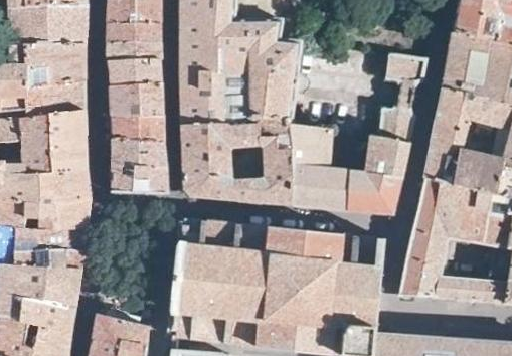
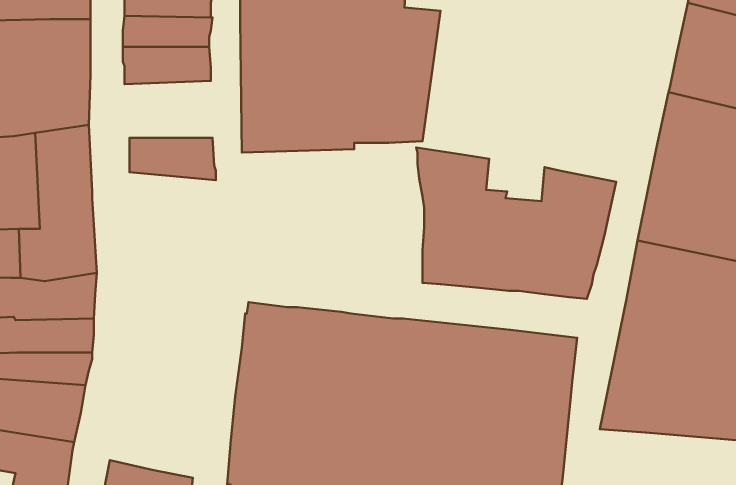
building: [376,37,434,142] -> none
building: [108,79,162,115] -> none
building: [180,117,293,204] -> none
building: [111,136,167,193] -> none

